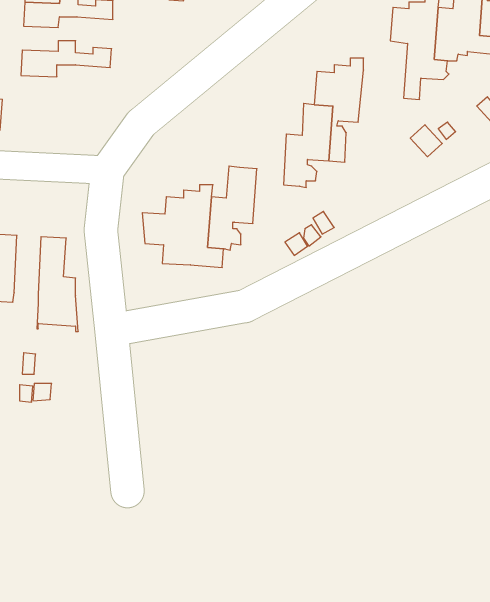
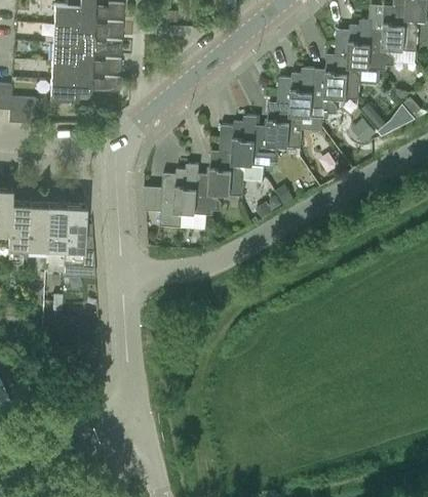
building: none -> [52,36,122,63]
building: none -> [311,53,349,118]
building: none -> [50,73,120,101]
building: none -> [220,116,266,196]
building: none -> [45,204,67,256]

